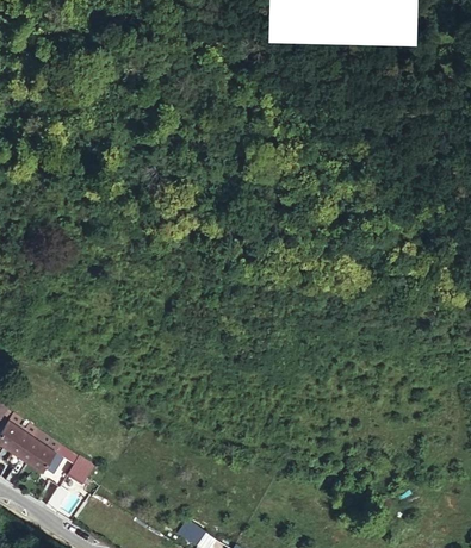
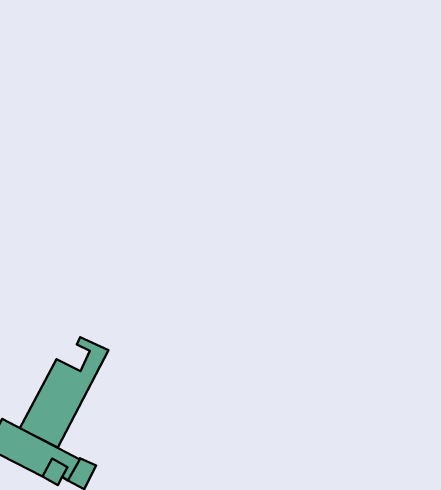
building: none -> [20,337,108,448]

